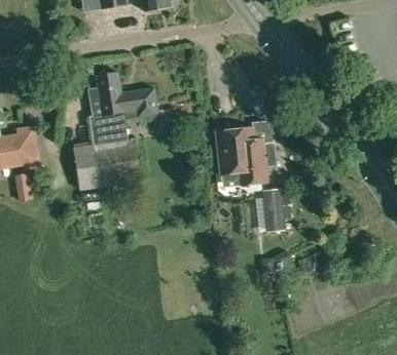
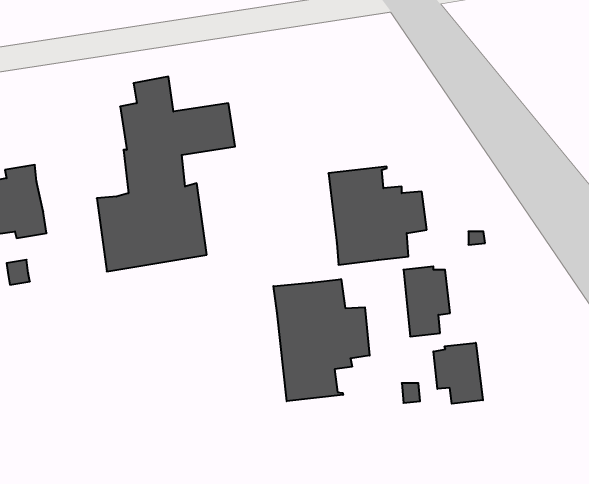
building: none -> [273,279,370,401]
building: none -> [433,343,483,404]

